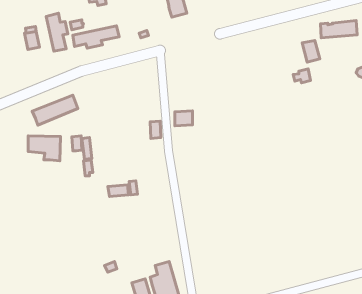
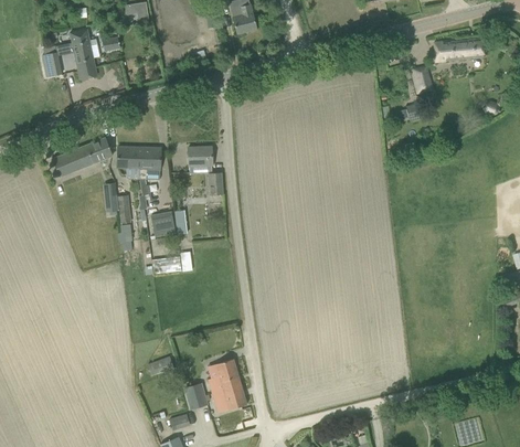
building: [73,26,119,48] -> none
building: [175,111,192,126] -> [189,147,212,167]
building: [28,136,61,161] -> [118,147,161,180]
building: none -> [151,211,177,237]

